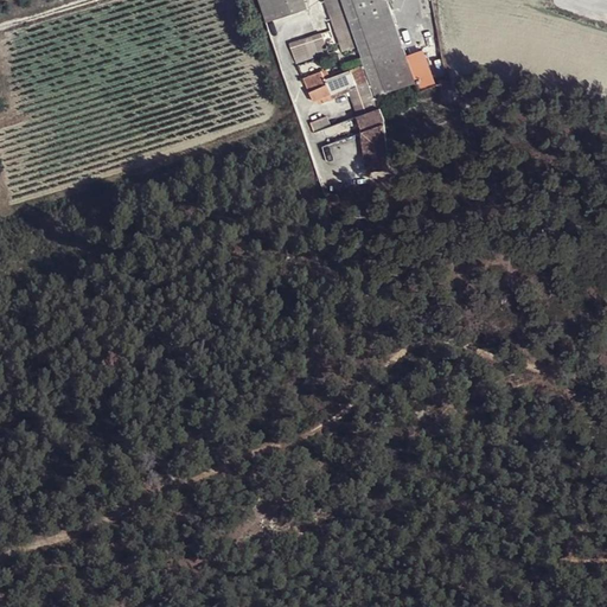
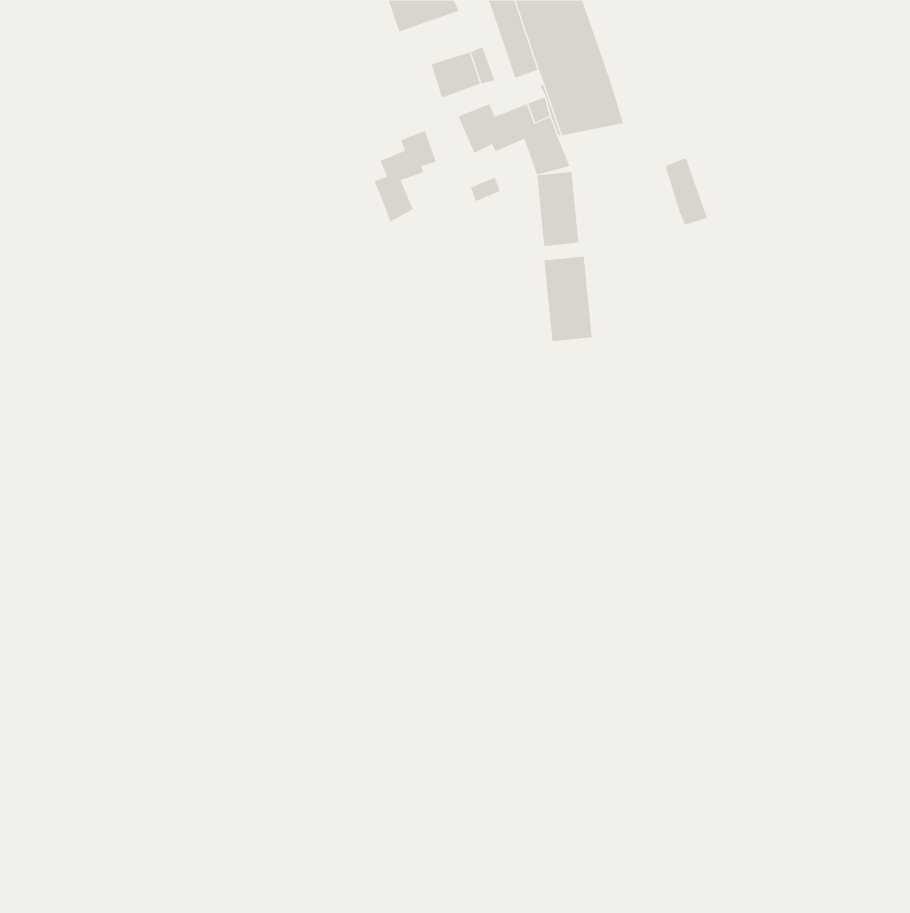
building: [404,45,433,90] -> [665,157,708,225]
building: none -> [374,130,437,222]
building: none -> [544,256,592,342]

